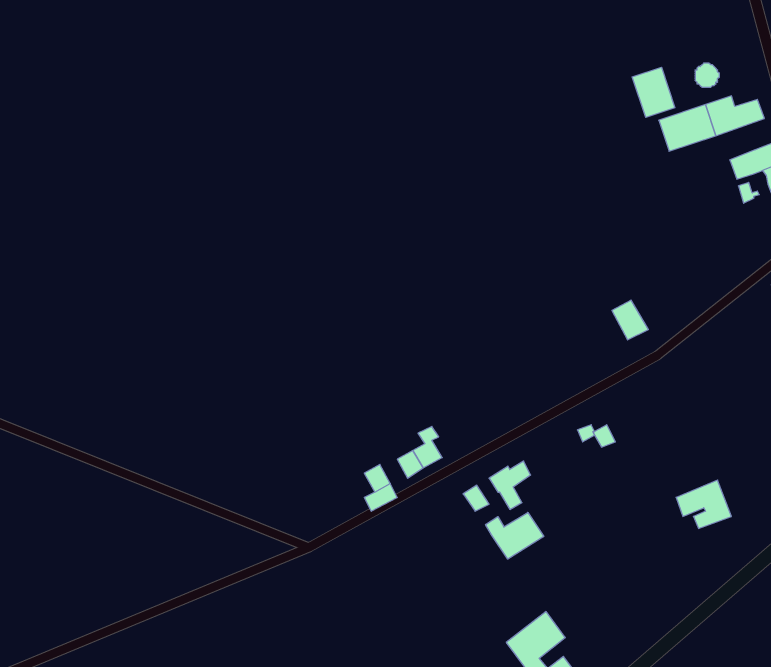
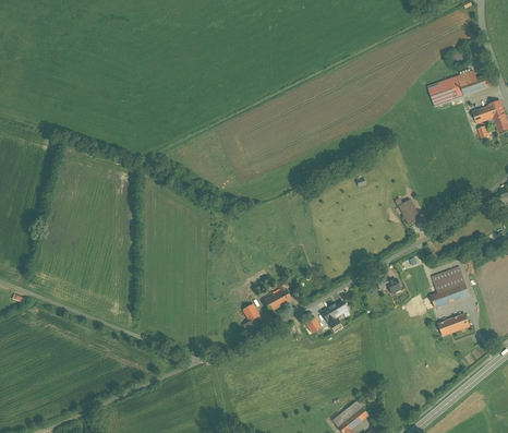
building: [632,67,675,117] -> none
building: none -> [431,266,469,308]
building: [486,512,544,559] -> none

